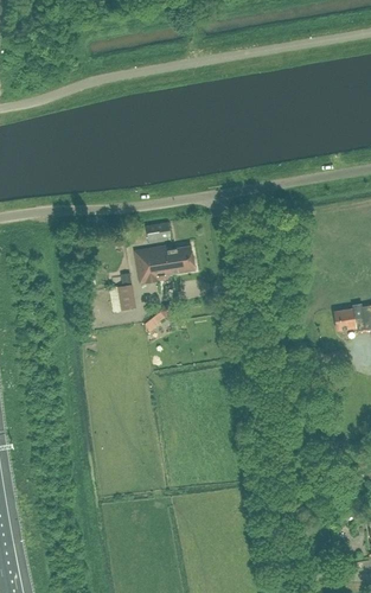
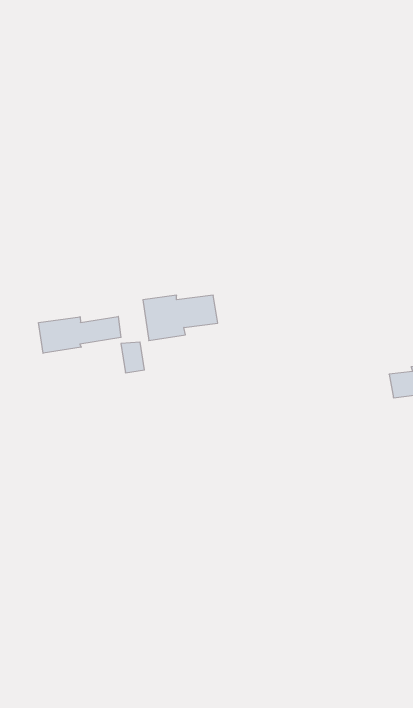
building: none -> [39,316,121,353]

